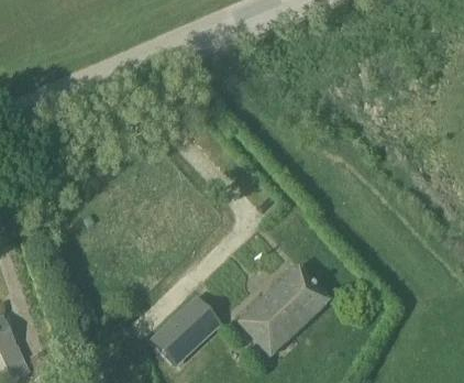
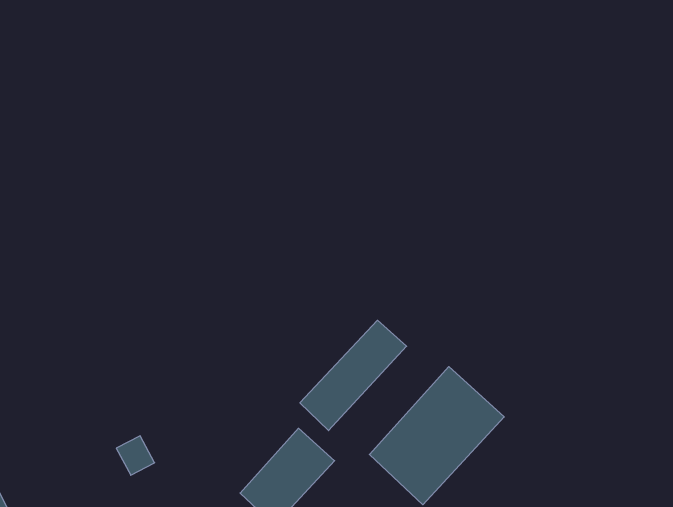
building: none -> [300,320,407,431]

